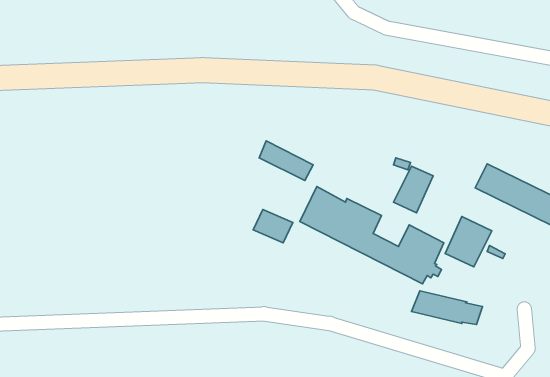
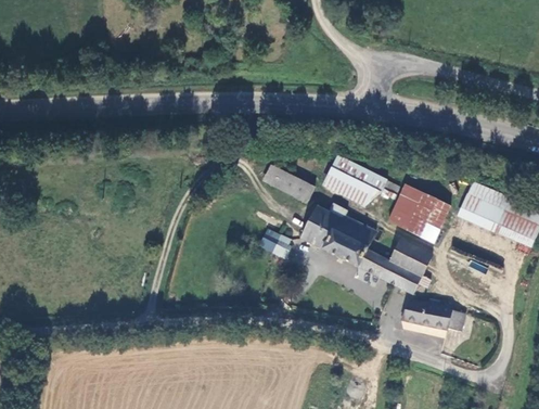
building: none -> [322,154,383,202]
building: [445,216,492,267] -> [407,196,449,242]

